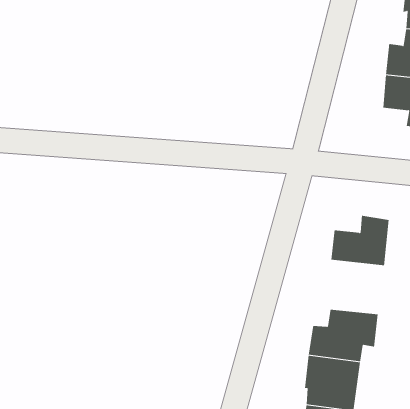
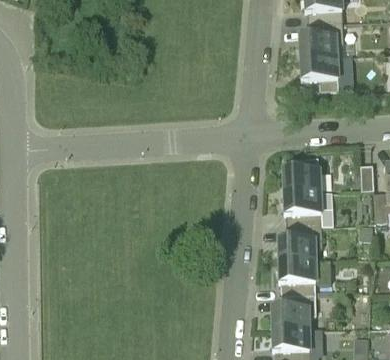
building: none -> [283,190,322,226]

